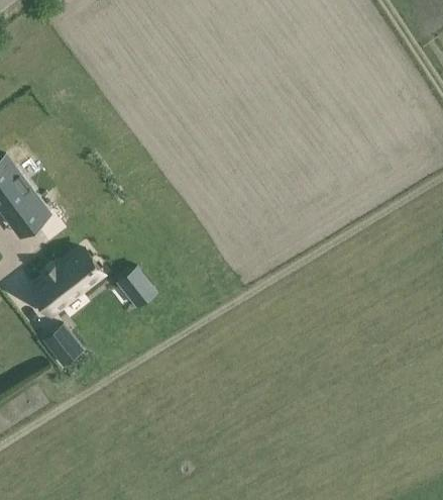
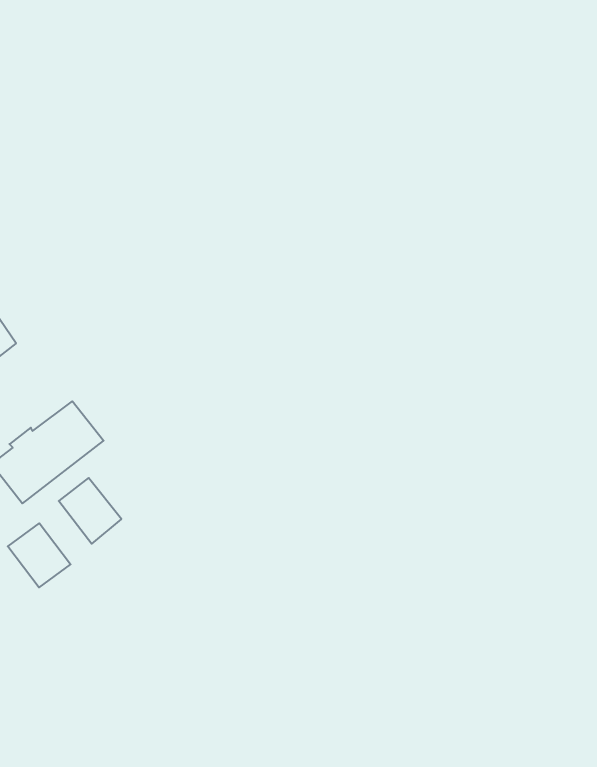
building: [117,267,155,307] -> [59,478,121,544]

